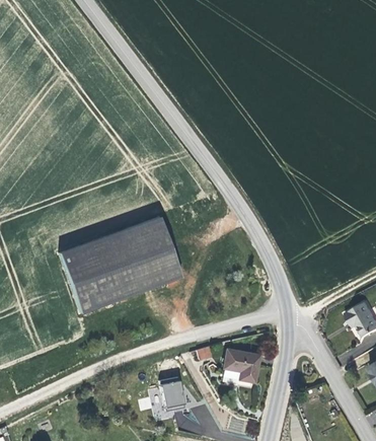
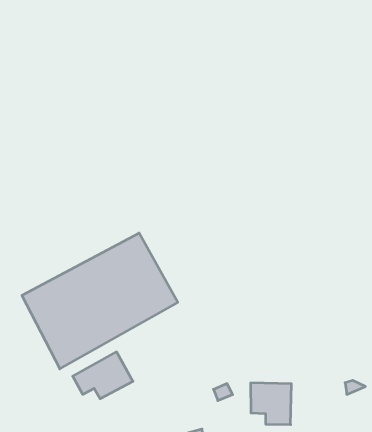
building: none -> [73,352,133,399]

